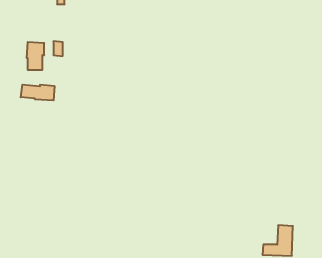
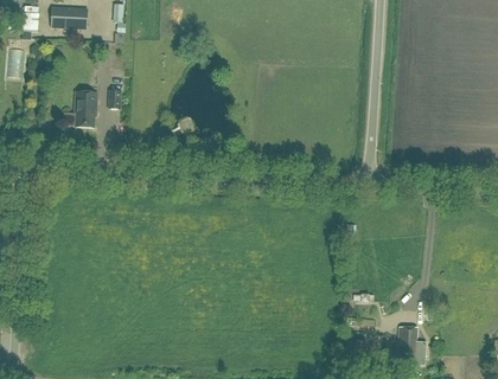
building: [21,85,54,100] -> none

